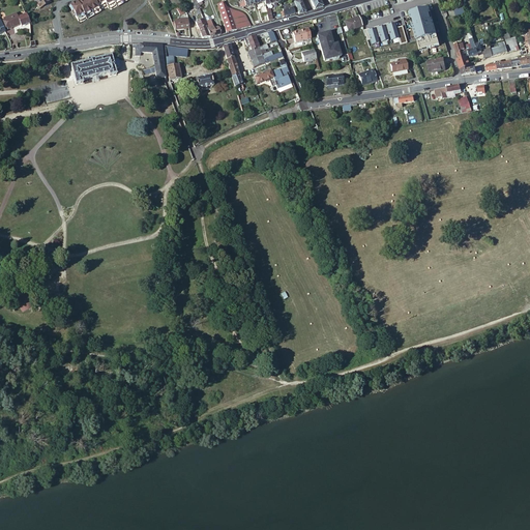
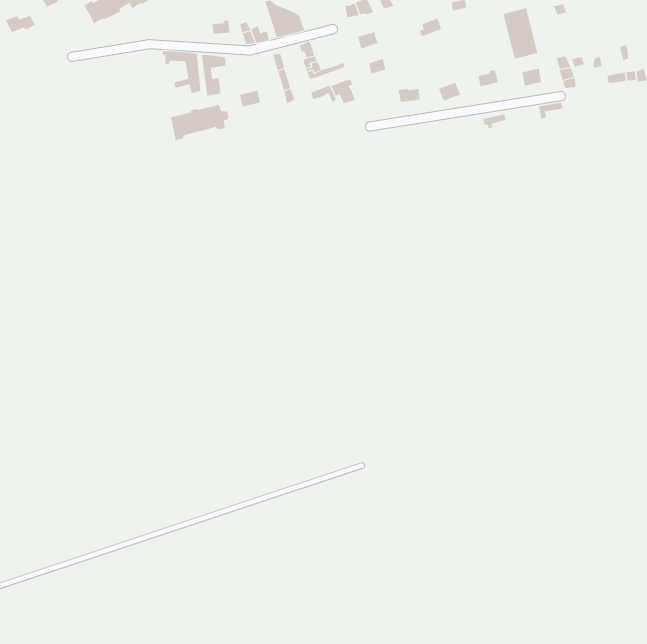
building: [365,22,399,43] -> none
building: [317,30,340,59] -> none
building: [70,53,119,83] -> [170,104,230,141]

